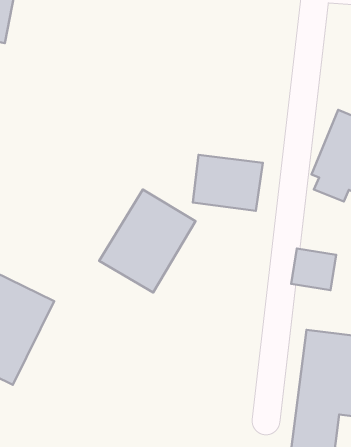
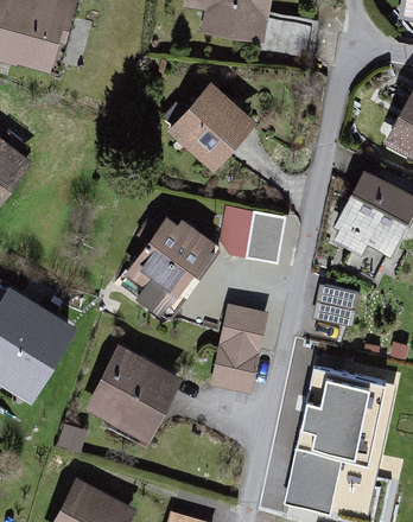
building: none -> [173,95,263,185]
building: none -> [212,306,265,392]
building: none -> [88,350,177,440]

